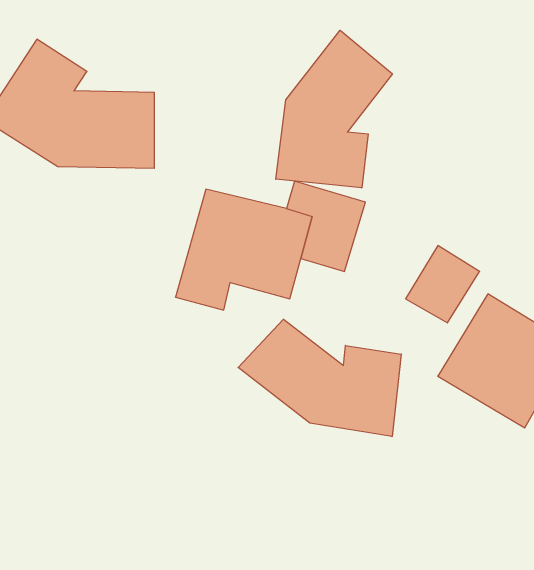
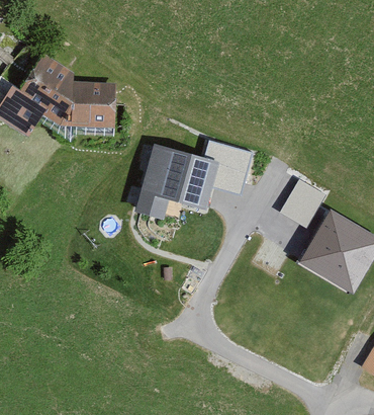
building: [276,30,392,188] -> none
building: [238,319,401,437] -> none

